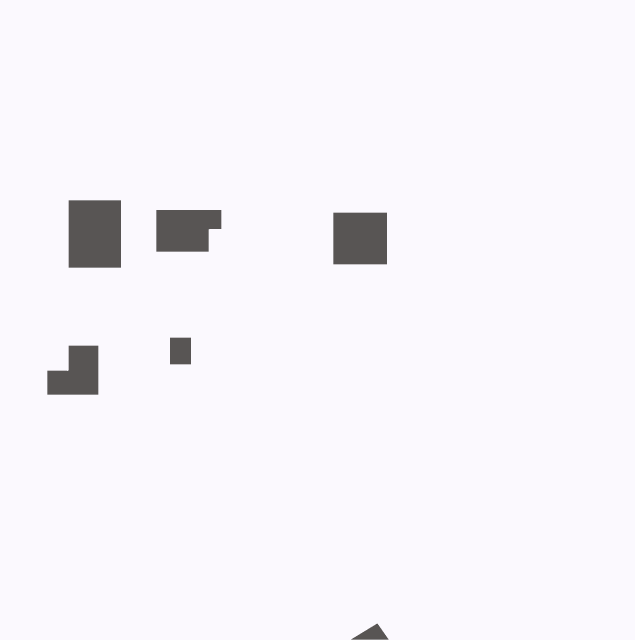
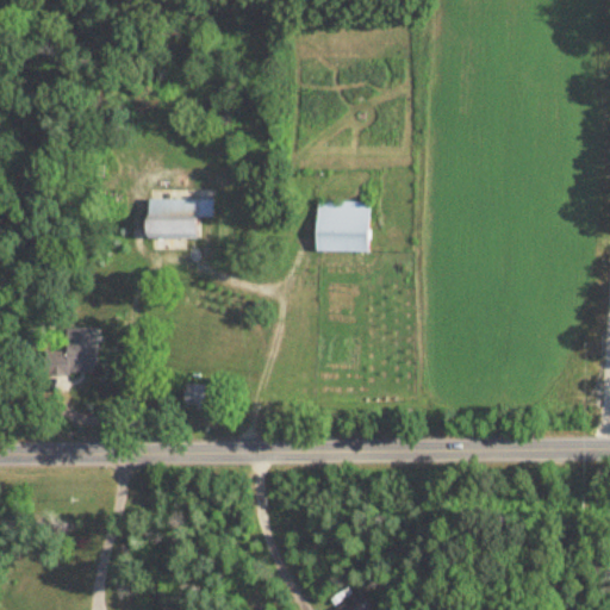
building: [68,200,121,269] -> none
building: [169,337,192,365] -> [180,384,201,410]

